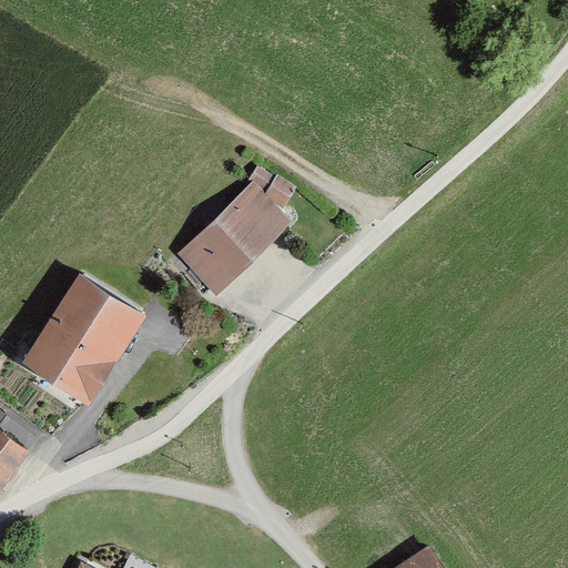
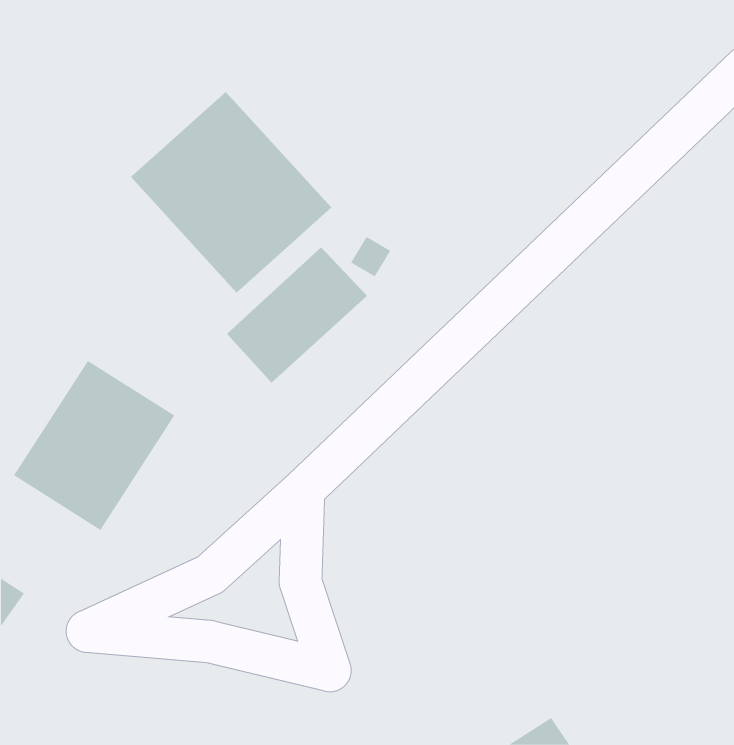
building: none -> [130,91,332,293]

